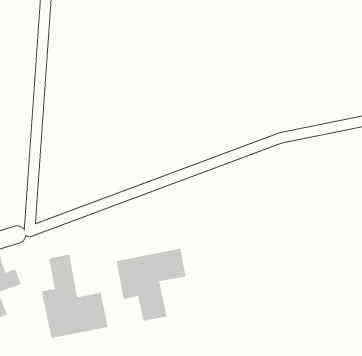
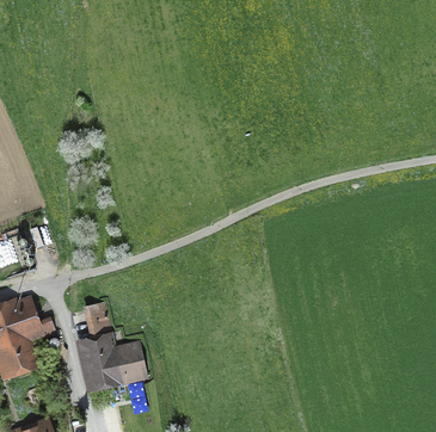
building: [116,248,186,322] -> none

